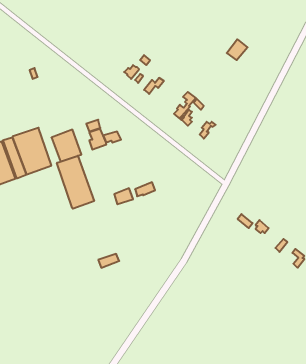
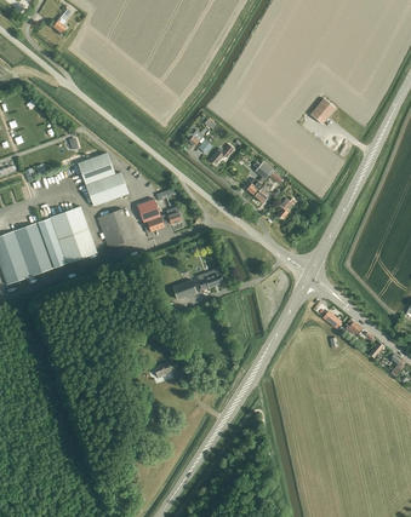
building: none -> [79,153,127,206]
building: [57,156,94,209] -> none

